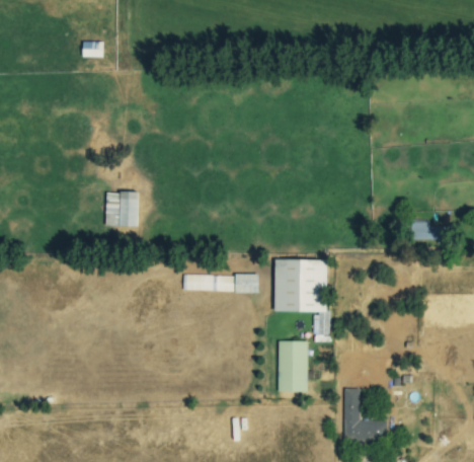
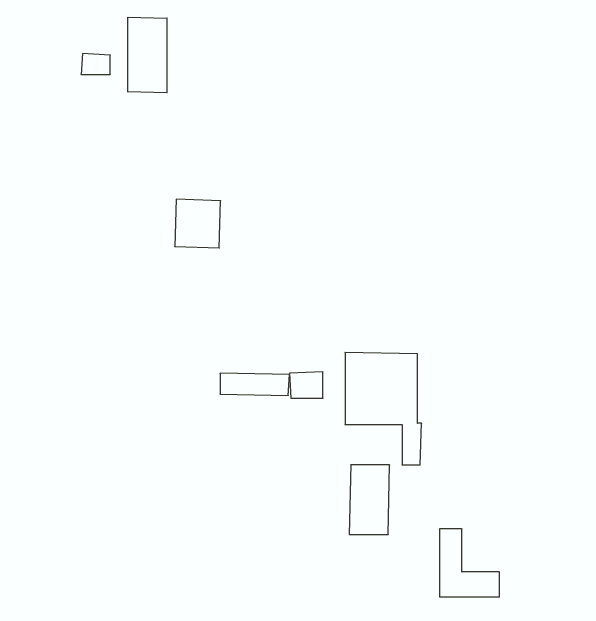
building: none -> [128,17,167,93]
building: [105,191,139,227] -> [175,199,221,248]
building: [411,220,447,241] -> none

